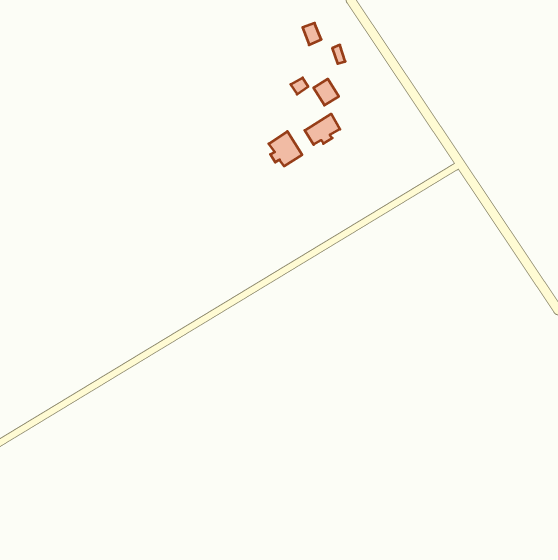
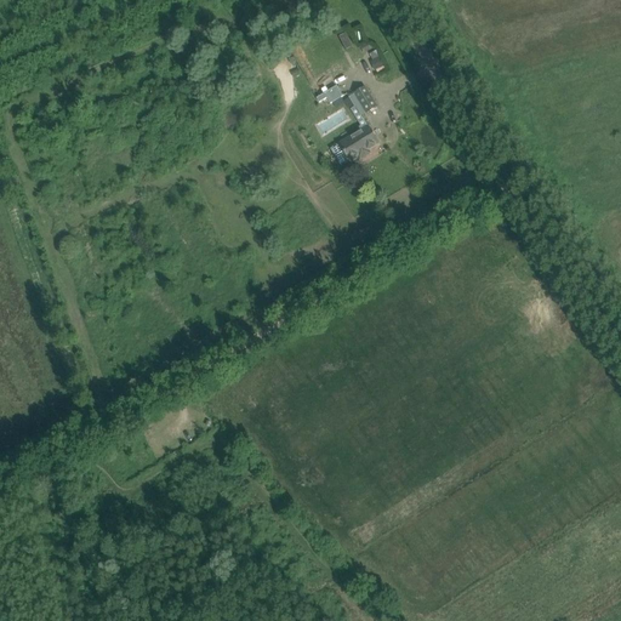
building: [269,131,302,166] -> none

